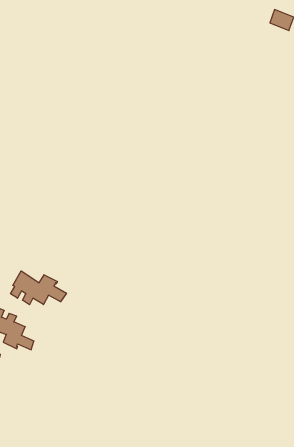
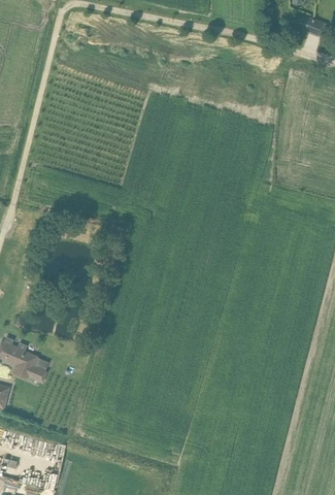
building: [11,271,66,305] -> none

